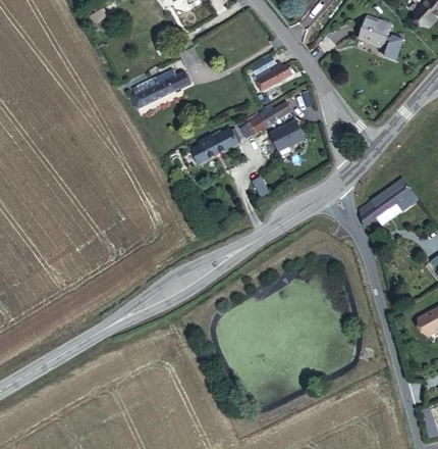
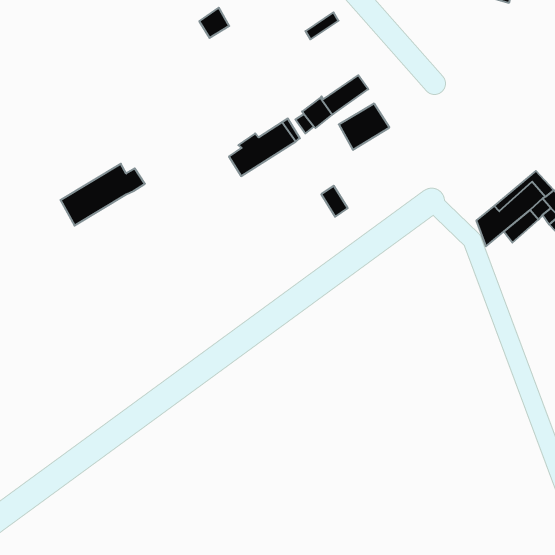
building: [254,61,293,91] -> none
building: [130,68,189,108] -> [60,164,145,226]

